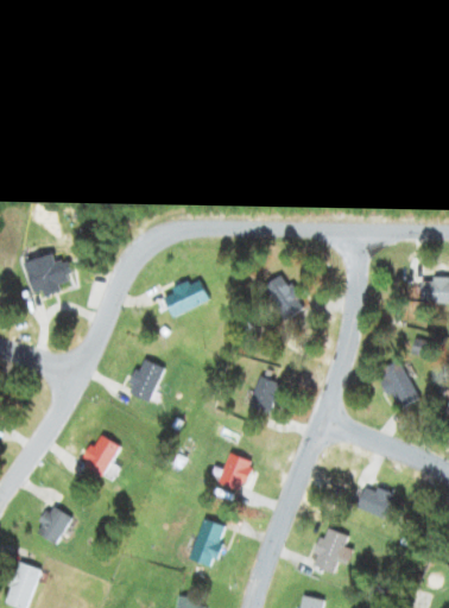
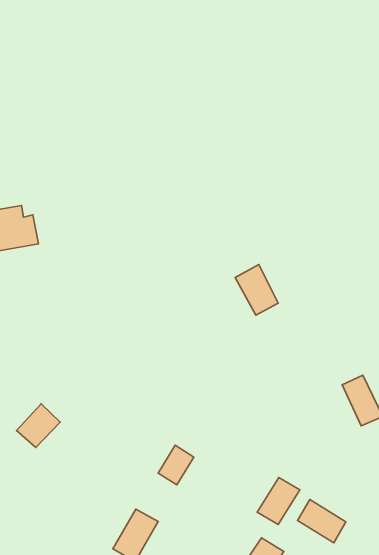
building: [163,278,209,317] -> none
building: [126,359,166,404] -> none
building: [248,375,284,414] -> none
building: none -> [257,477,300,524]

